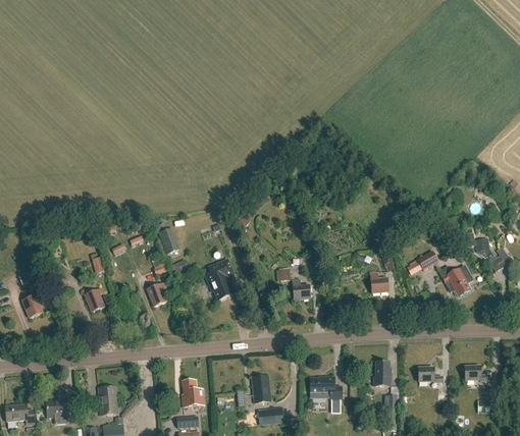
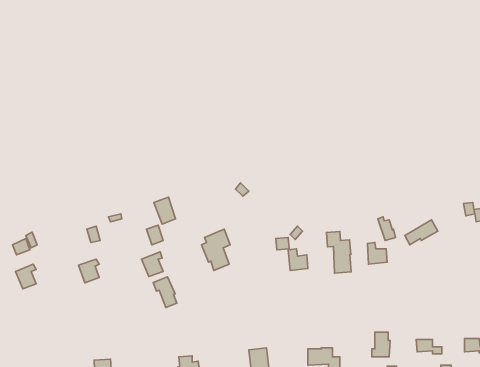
building: none -> [326,231,351,273]
building: [437,265,472,297] -> none
building: none -> [153,277,177,307]

